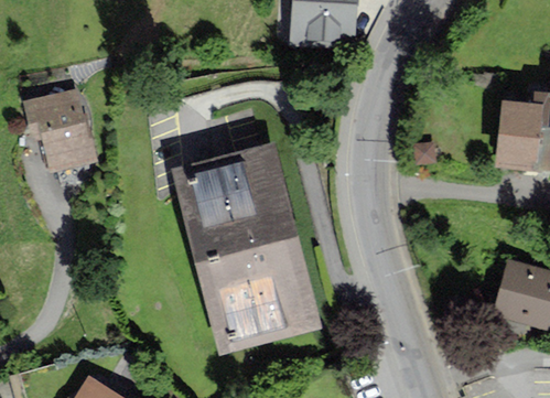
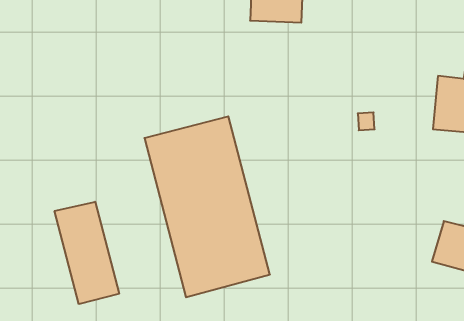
building: [25,89,93,168] -> none
building: none -> [55,202,119,304]

